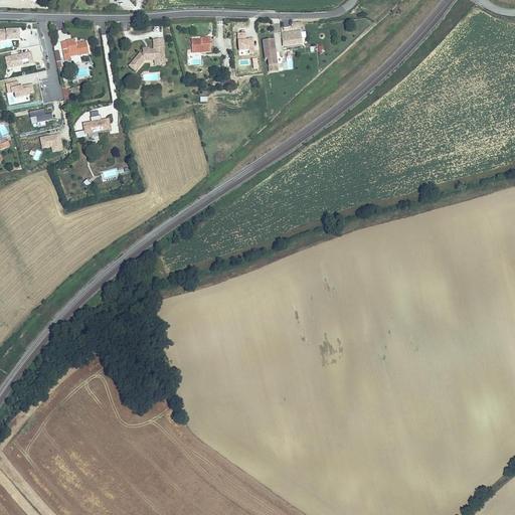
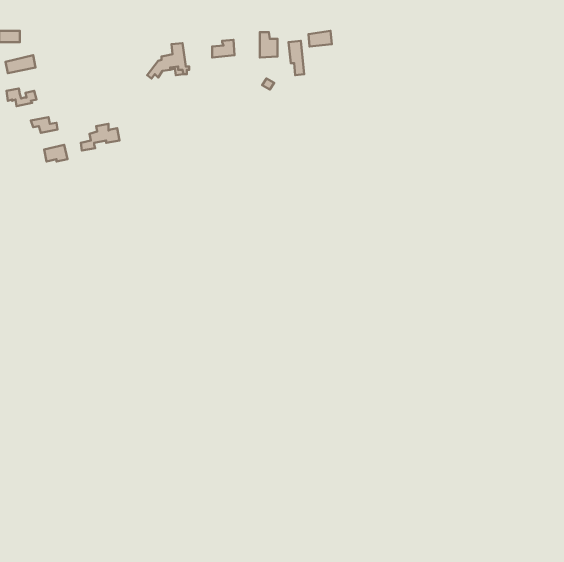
building: [60,37,92,58] -> none

